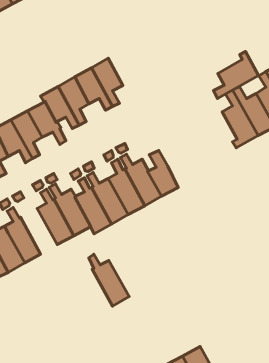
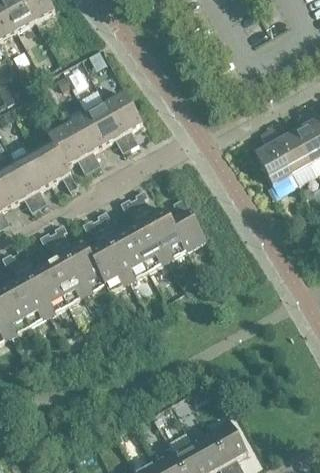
building: [213,52,259,98] -> none
building: [89,254,129,306] -> [21,255,67,314]

